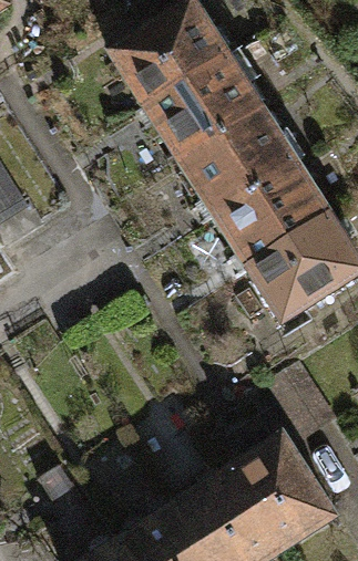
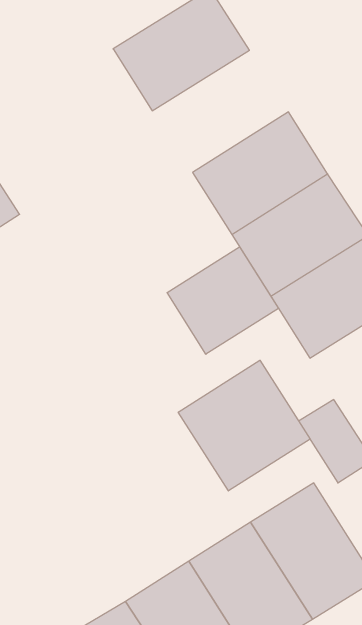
building: [143,54,263,162] -> none
building: none -> [167,247,279,354]
building: none -> [178,360,310,491]

